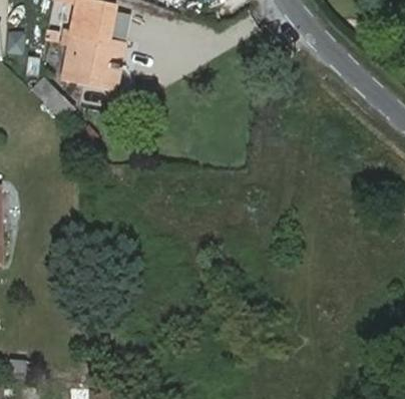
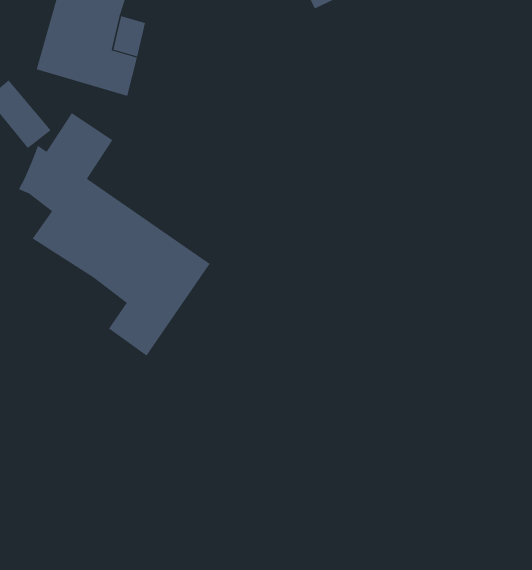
building: none -> [18,112,211,357]

